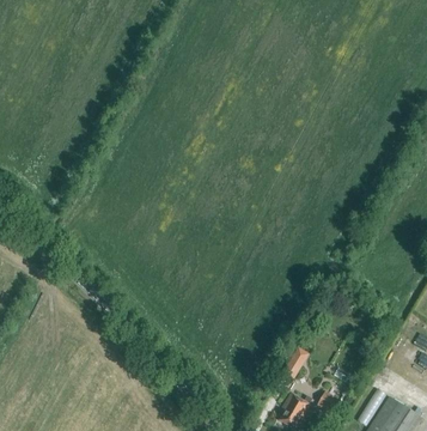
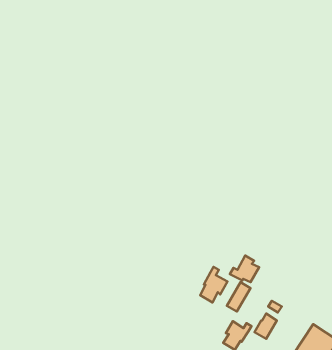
building: none -> [230,256,259,282]
building: none -> [200,267,228,302]

